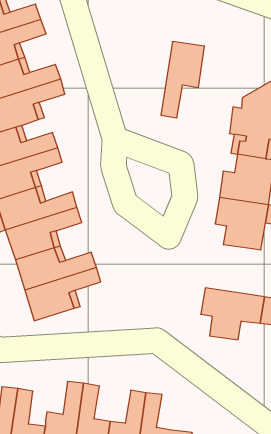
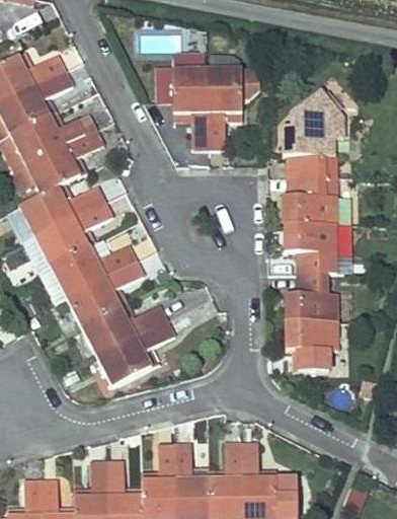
building: none -> [173,70,208,150]
building: none -> [285,273,337,322]

